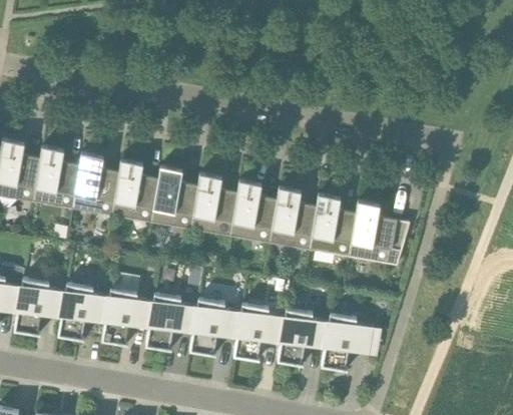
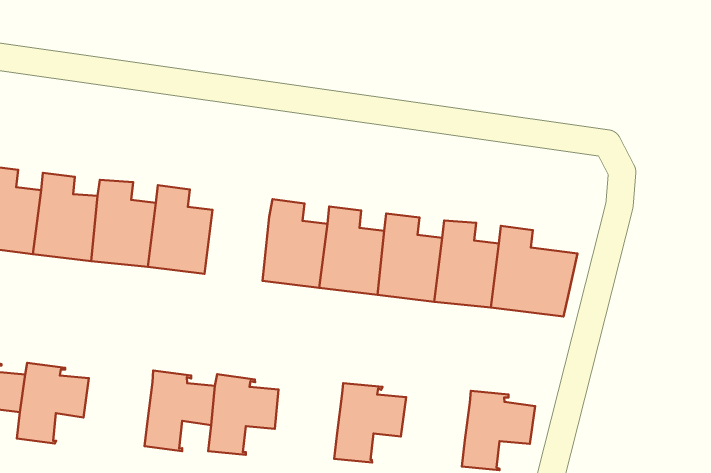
building: [149,165,196,229] -> none
building: [57,282,109,339] -> none
building: [189,298,240,354] -> none
building: [277,308,329,364] -> none

